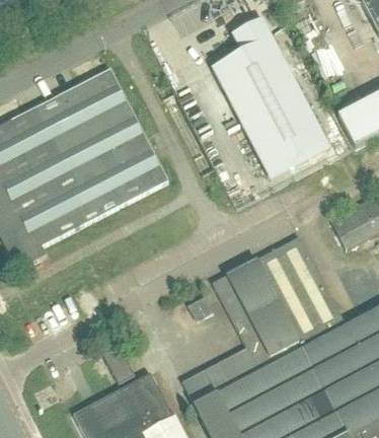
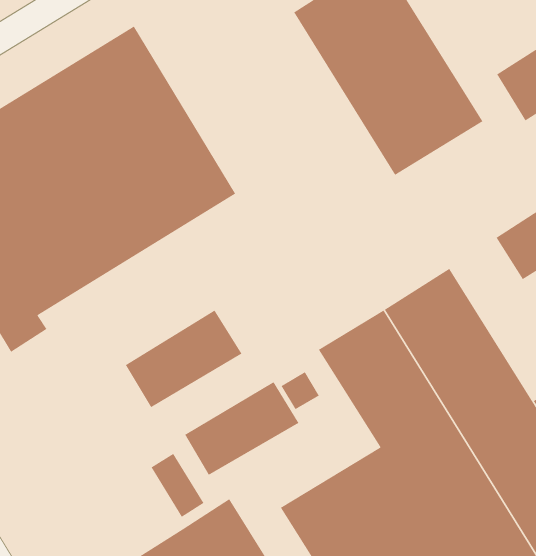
building: none -> [125,310,242,408]
building: none -> [184,381,299,476]

